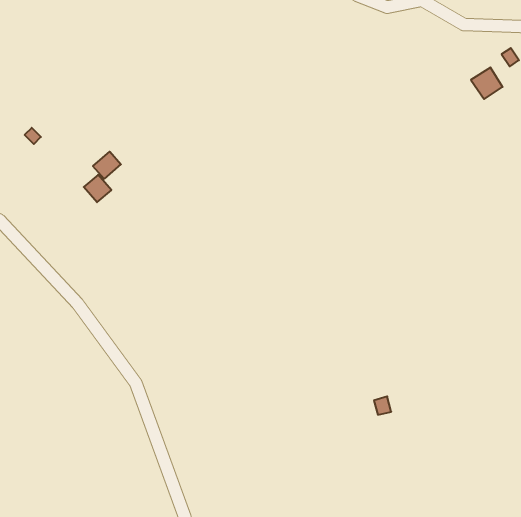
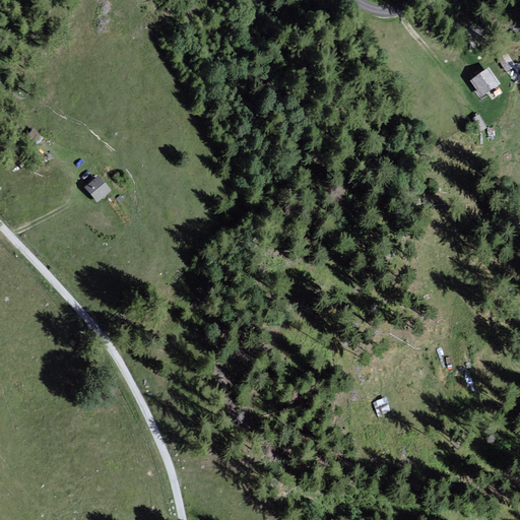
building: [93,152,121,179] -> none

